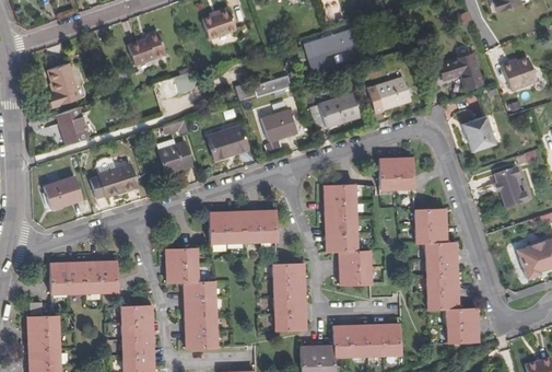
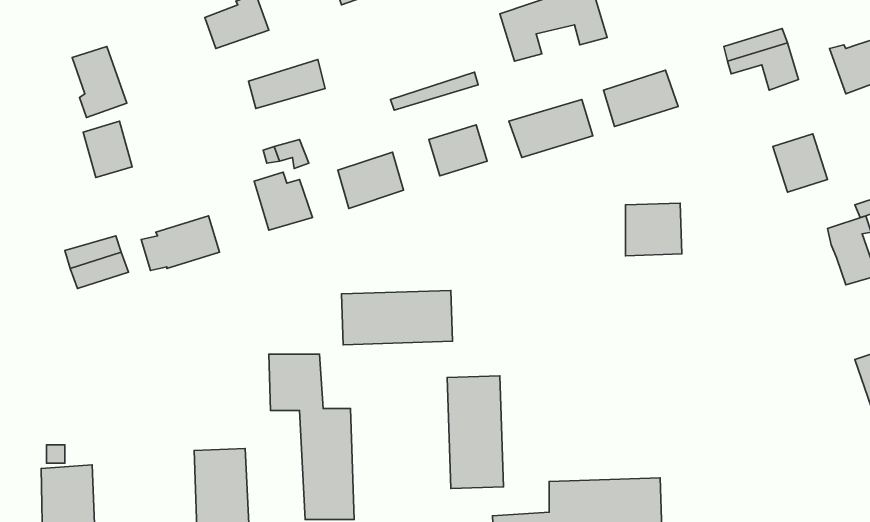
building: [322,183,369,283] -> none
building: [413,209,475,344] -> none
building: [51,261,119,294] -> none

